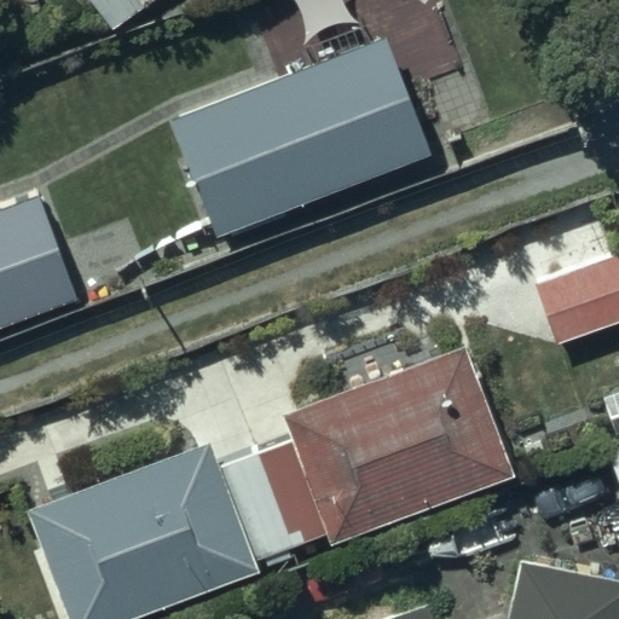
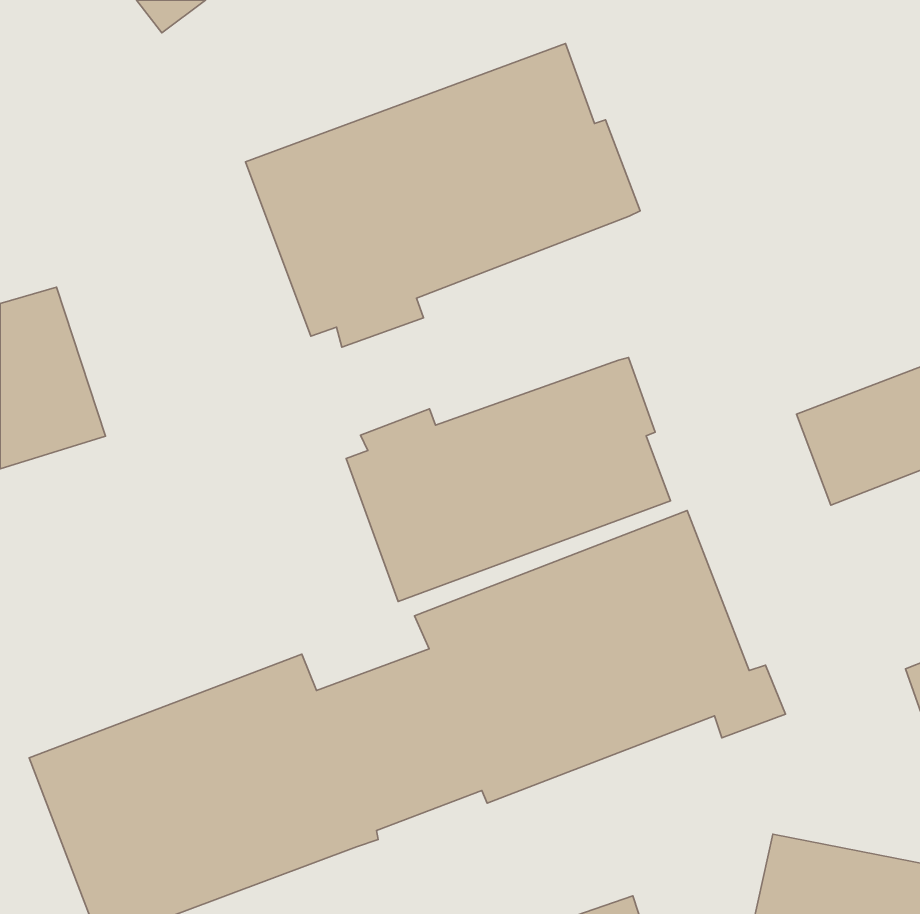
building: none -> [346,358,671,601]

